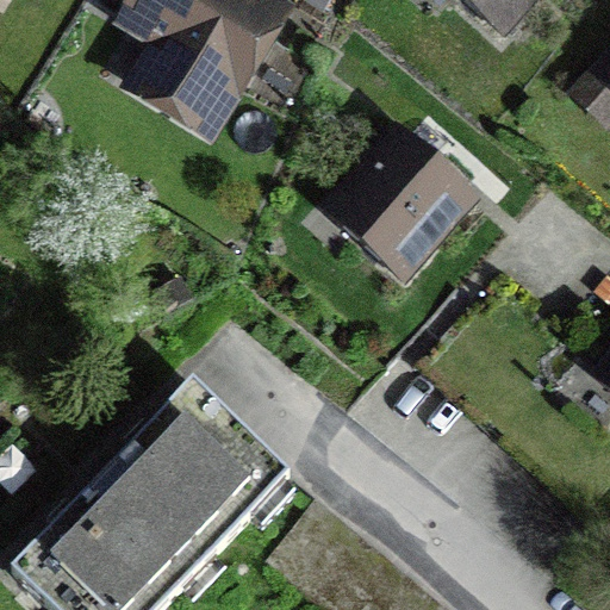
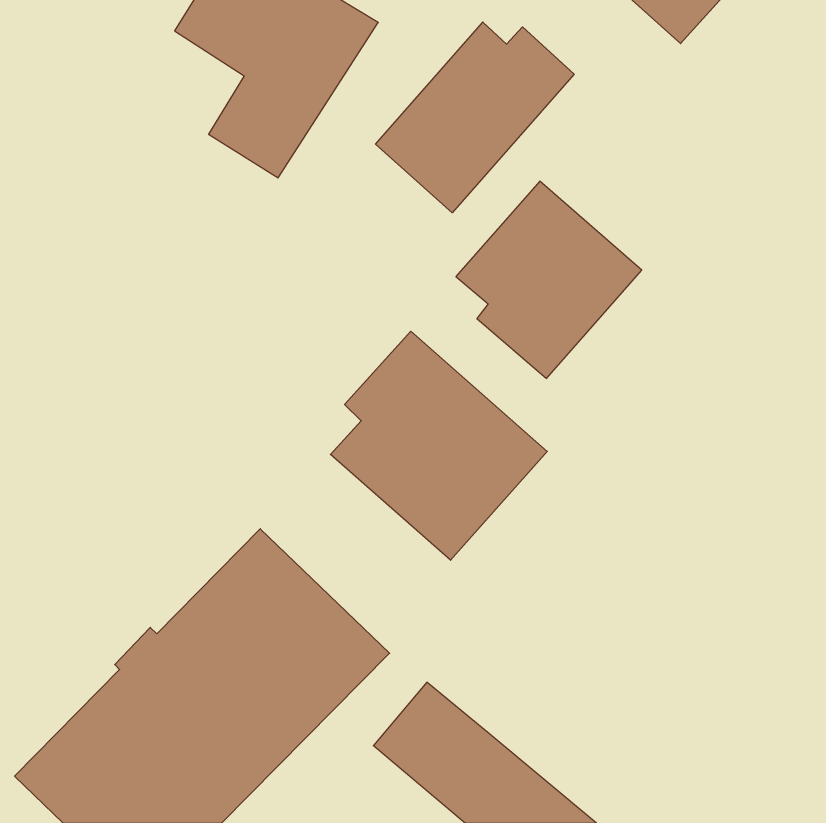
building: none -> [375,22,574,213]
building: none -> [330,331,547,560]

